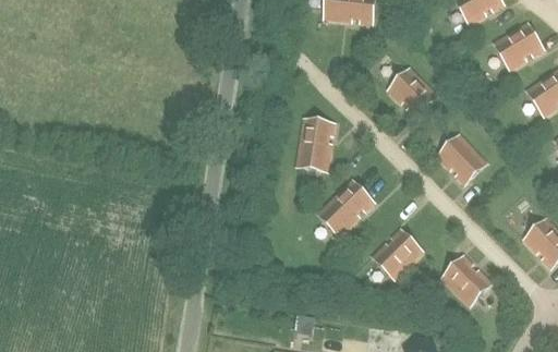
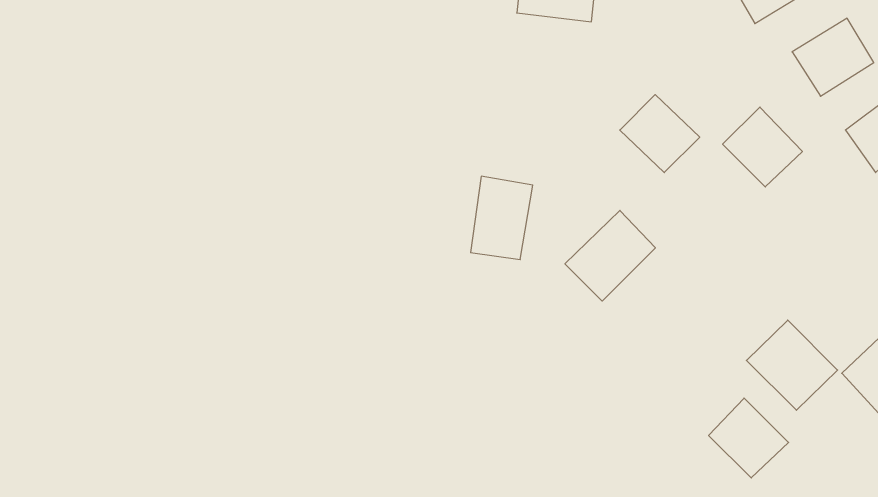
building: [437,134,486,183] -> [723,107,802,187]
building: [317,180,373,235] -> [565,210,655,301]
building: none -> [746,320,838,410]
building: [373,229,422,278] -> none

